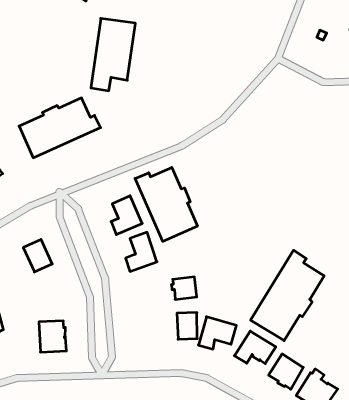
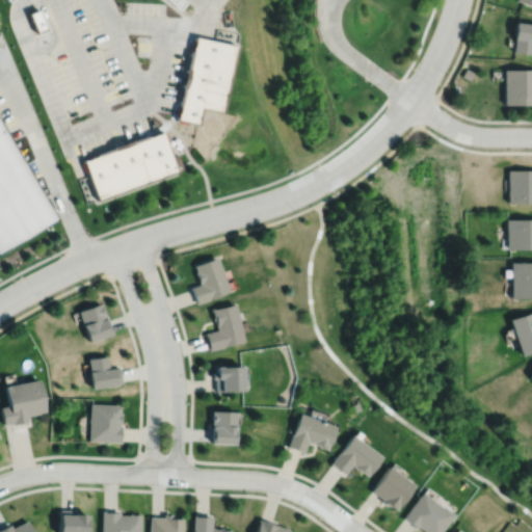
building: [135,167,197,241] -> none
building: [251,250,324,341] -> none
building: [171,277,197,299] -> [213,367,243,393]
building: none -> [90,357,125,390]
building: [177,313,197,339] -> [211,413,237,446]

